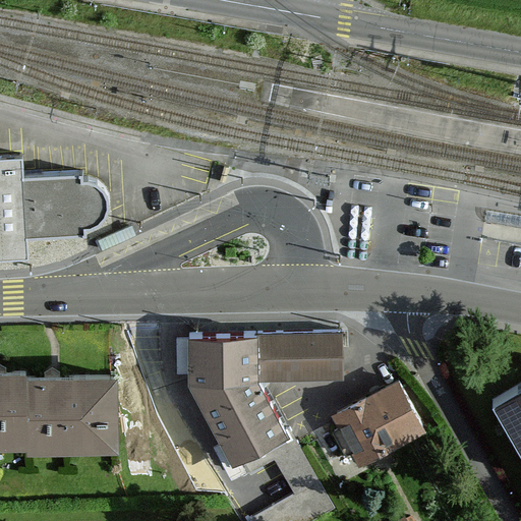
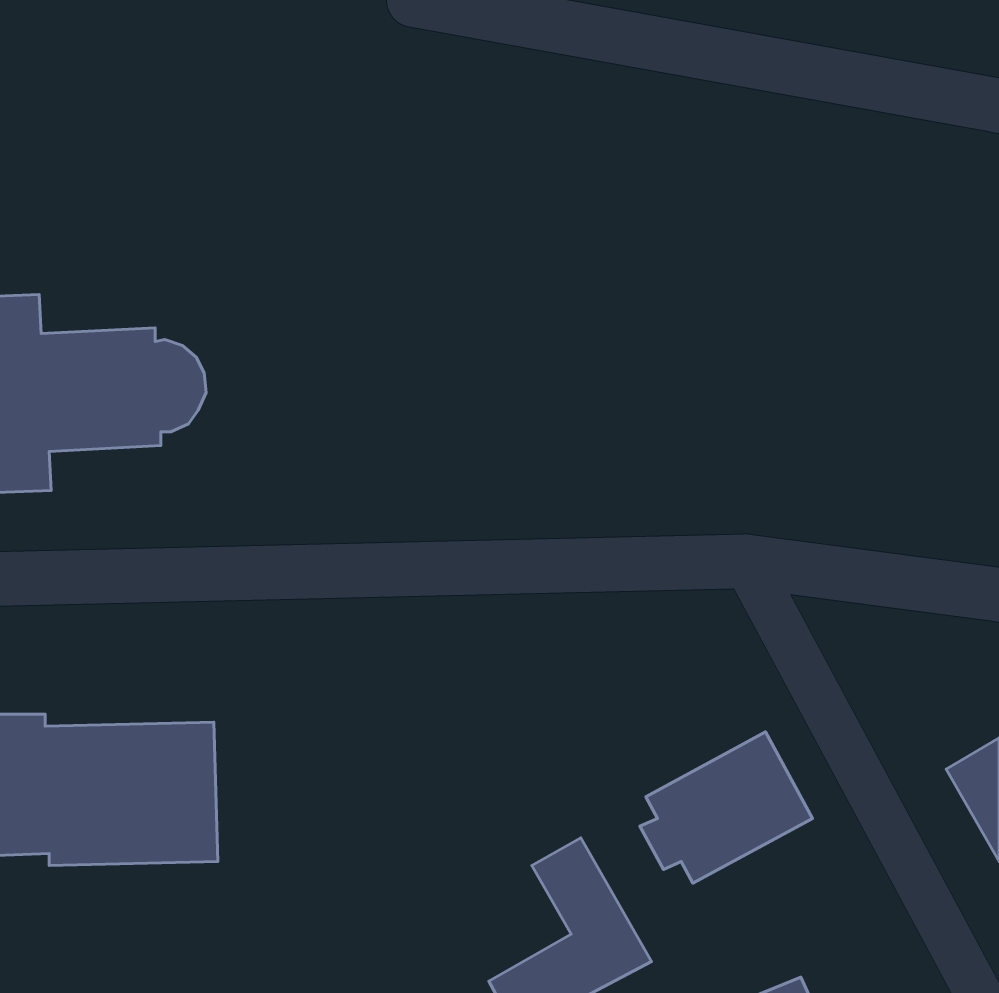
building: [180,334,342,473] -> none

